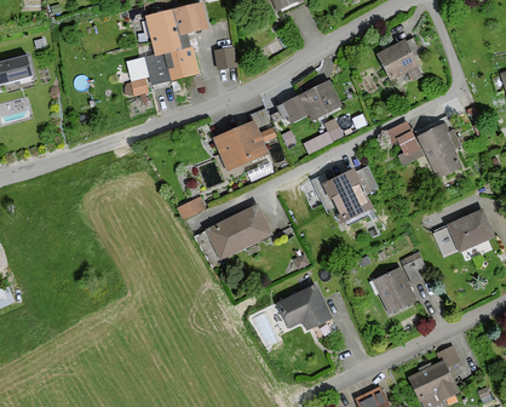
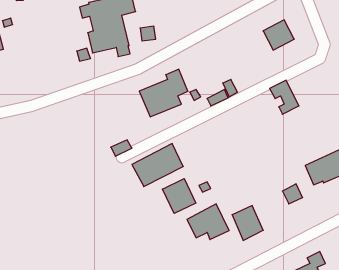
building: [281,81,340,122] -> none
building: [416,119,462,176] -> none
building: [323,167,370,222] -> none
building: none -> [162,179,196,213]
building: [373,266,414,313] -> [232,206,263,240]

